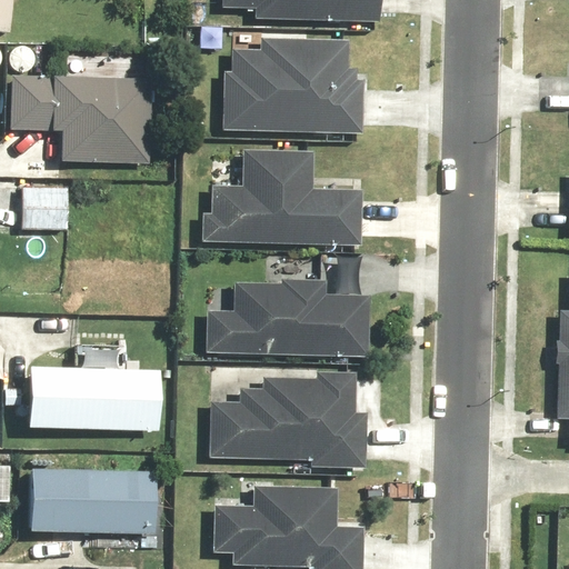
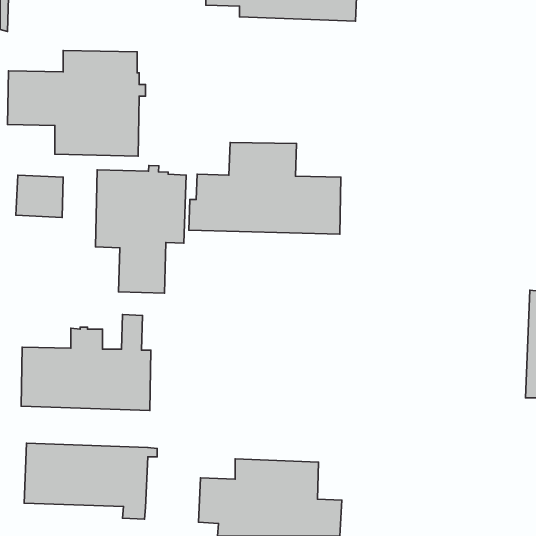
building: [222,39,366,134] -> none
building: none -> [95,165,186,293]
building: [207,278,371,357] -> none
building: [209,370,367,469] -> none

